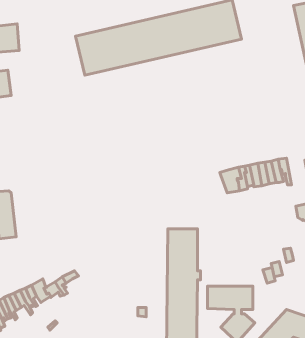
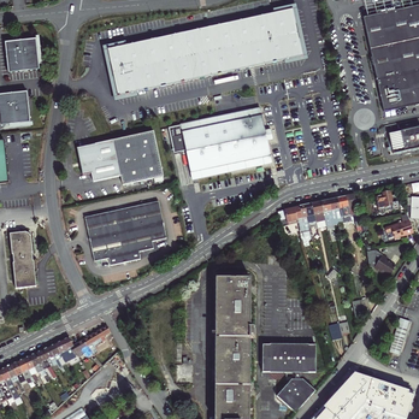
building: none -> [167,108,270,178]
building: none -> [76,130,163,184]
building: none -> [83,201,164,266]

